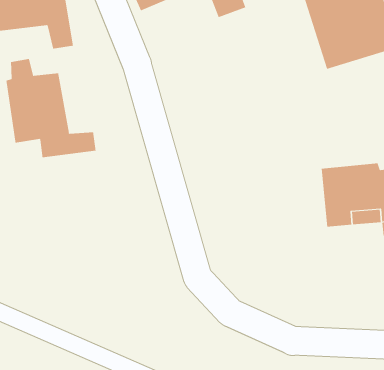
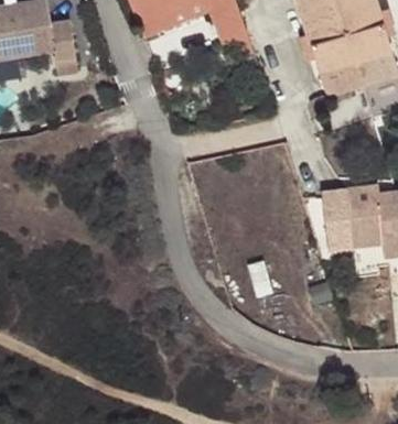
building: [6,58,96,158] -> none

